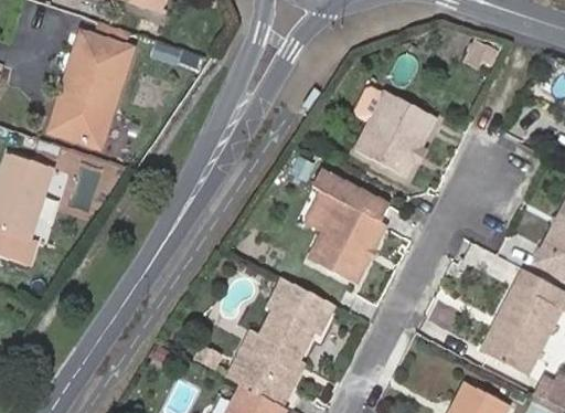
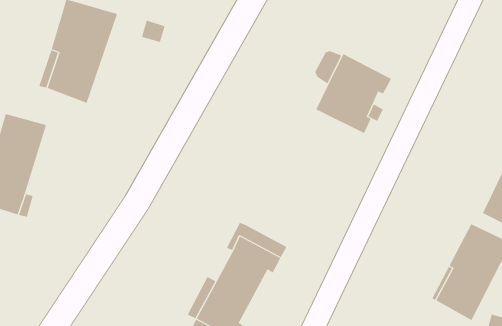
building: [309,171,391,285] -> none

